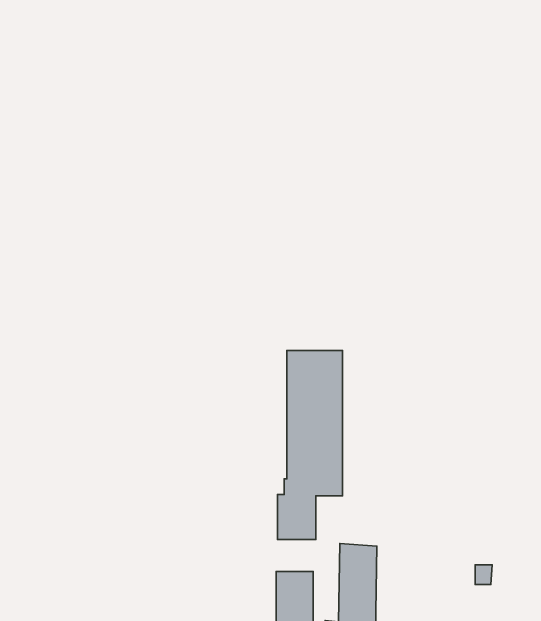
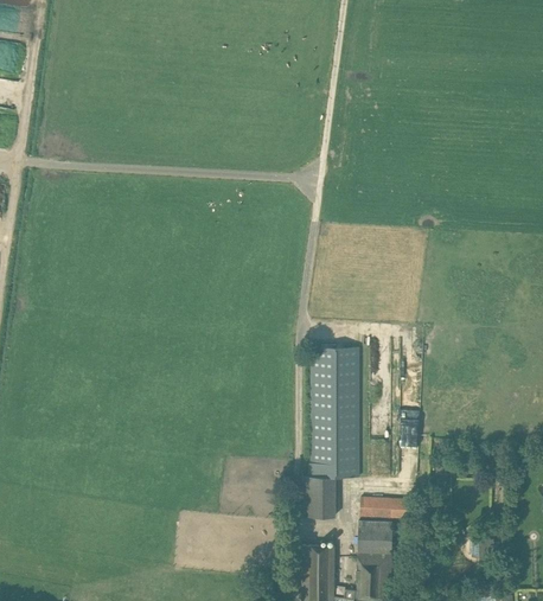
building: none -> [360,498,415,520]

